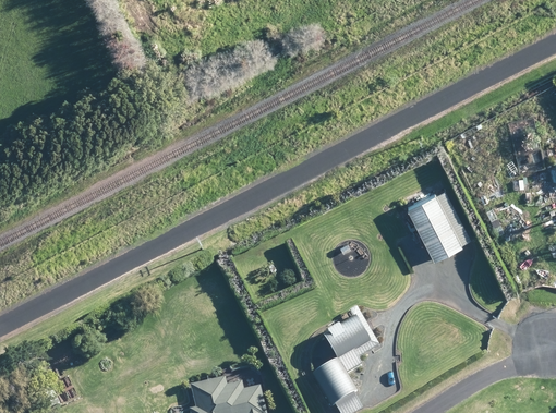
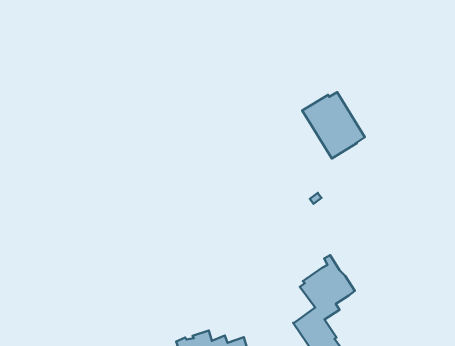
building: [404,190,468,258] -> [302,92,365,159]

